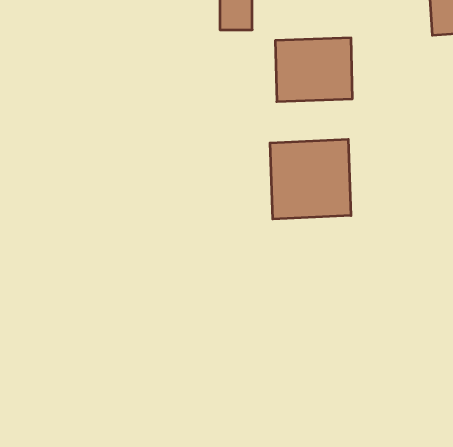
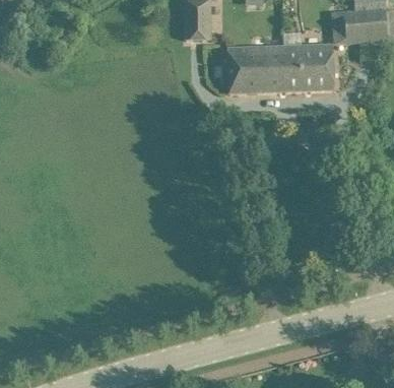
building: none -> [284,44,334,90]
building: [270,139,351,219] -> none

